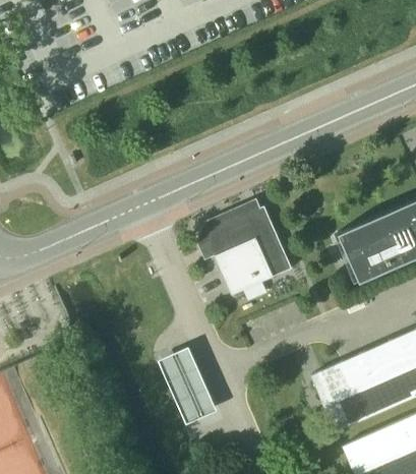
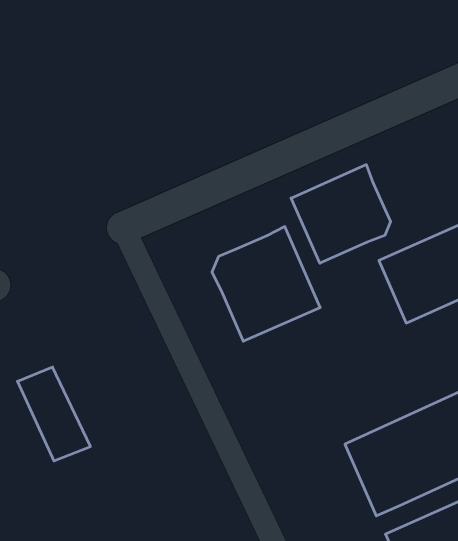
building: none -> [291,165,391,263]
building: [160,353,217,426] -> [17,367,90,461]

